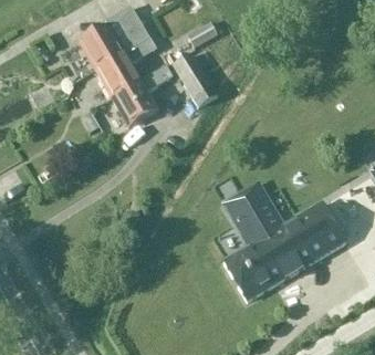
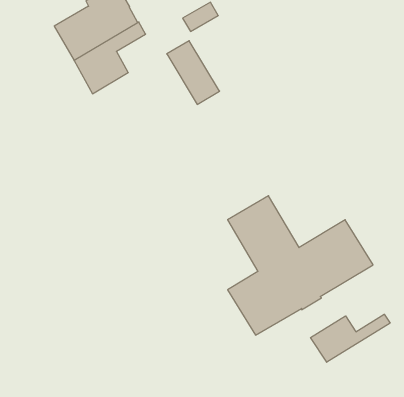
building: [112,66,173,127] -> none
building: none -> [311,314,390,362]

